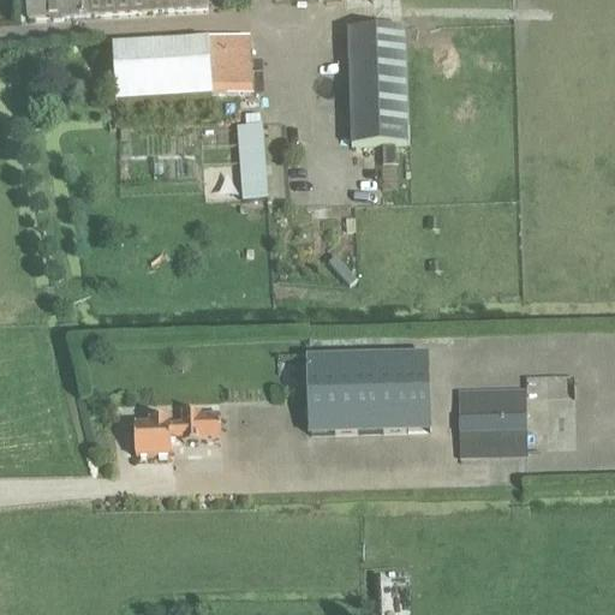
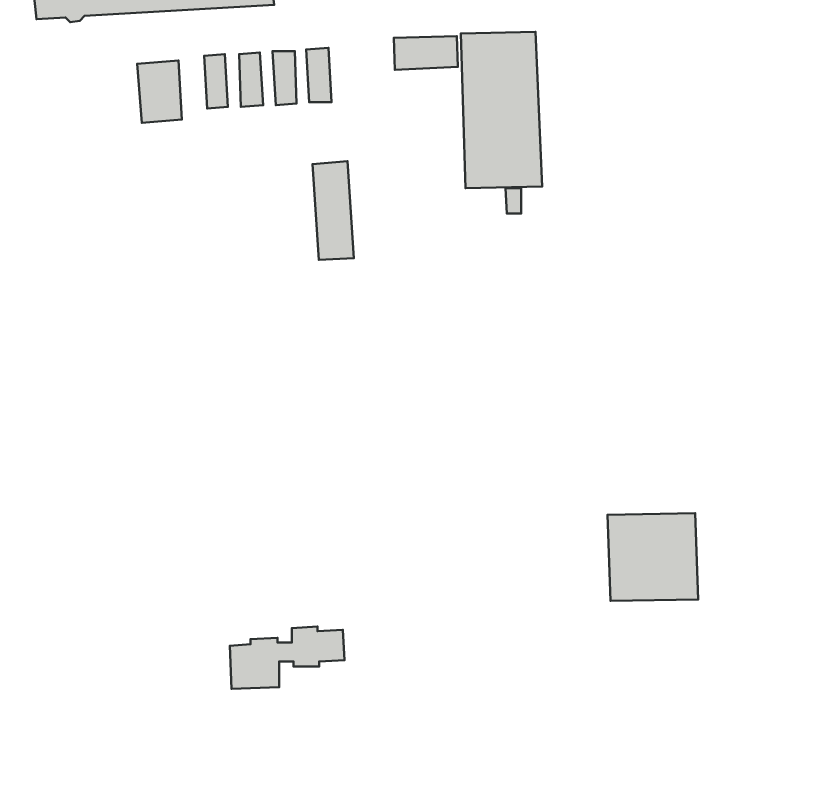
building: none -> [394,36,458,70]
building: [308,351,429,430] -> none
building: [133,406,220,453] -> [230,627,345,689]

